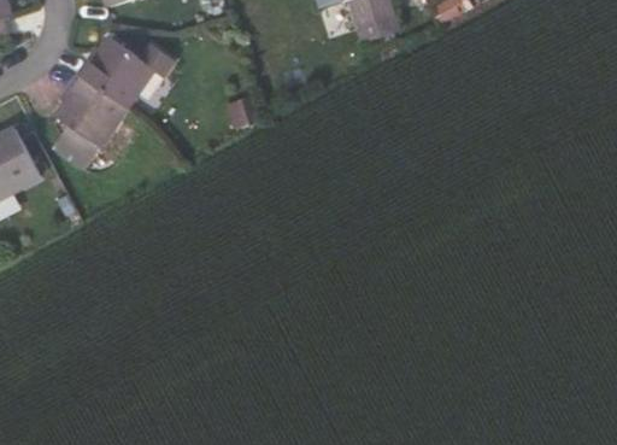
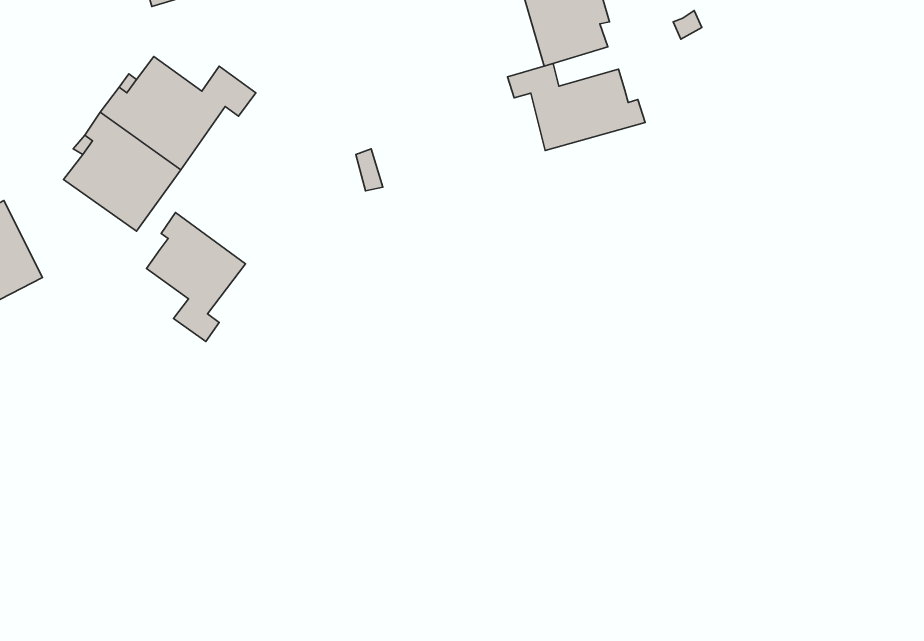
building: none -> [508,63,645,150]
building: none -> [147,212,246,342]

